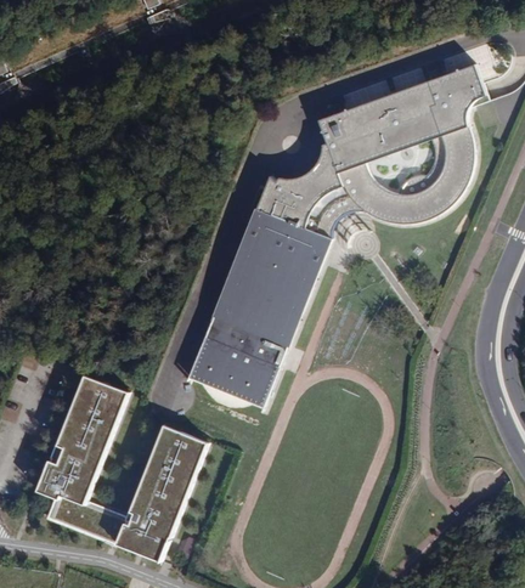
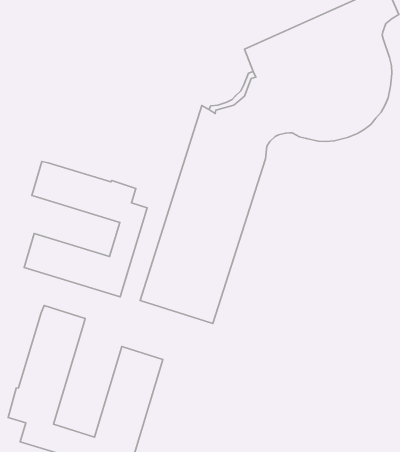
building: none -> [24,161,147,297]

